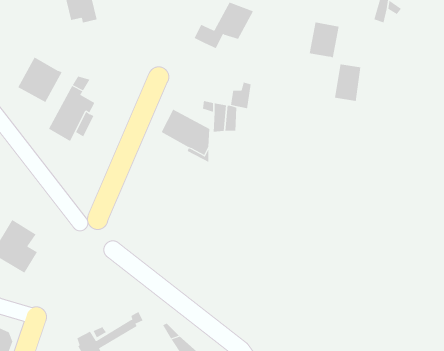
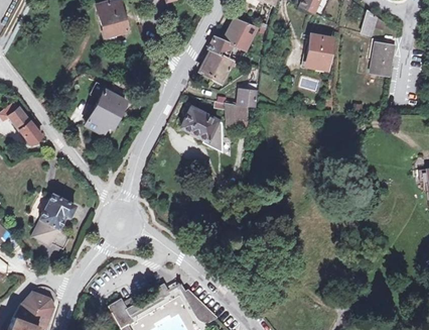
building: none -> [201,48,233,80]
building: [17,57,63,103] -> none
building: [334,64,361,101] -> [370,42,393,75]

